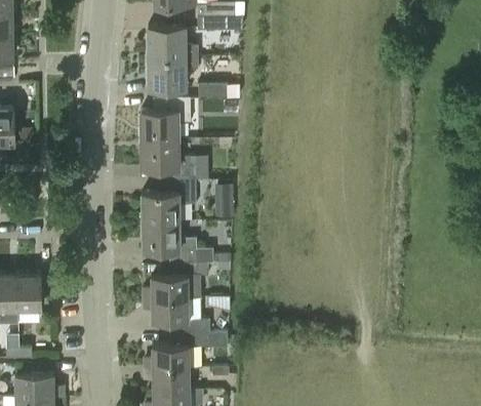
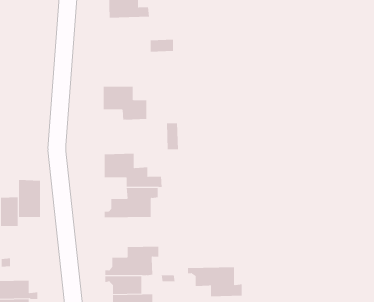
building: [149,56,198,88] -> none
building: [141,97,190,139] -> none
building: [142,179,196,221] -> none
building: none -> [19,179,40,218]
building: [143,297,209,333] -> [187,267,243,297]

